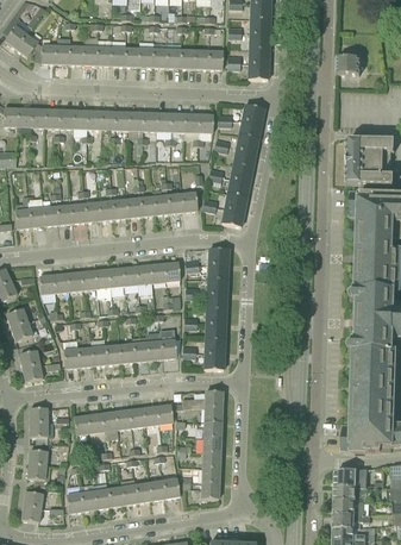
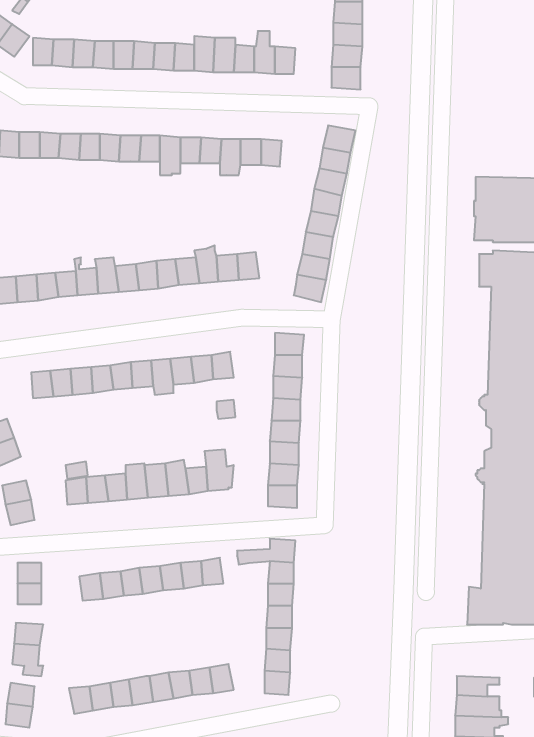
building: [337,48,363,74] -> none
building: [334,468,372,487] -> none

